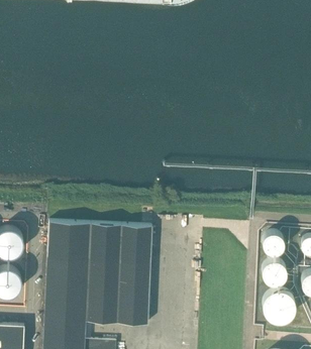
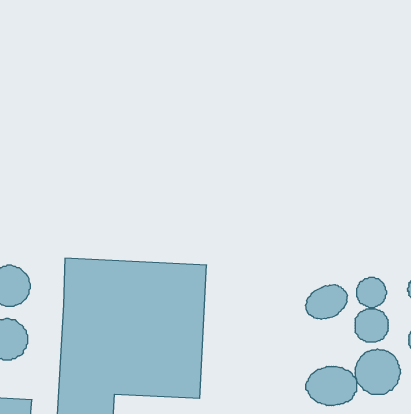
building: none -> [305,285,347,319]
building: none -> [306,366,357,406]

